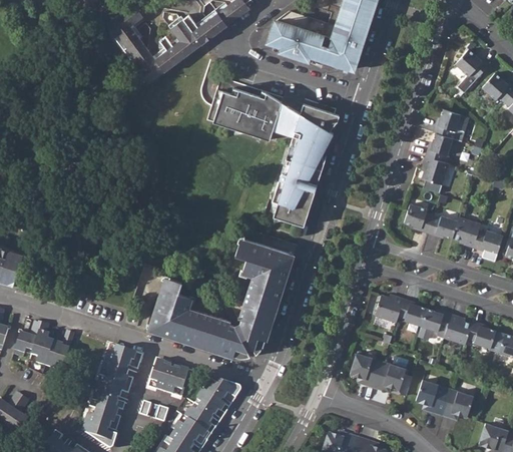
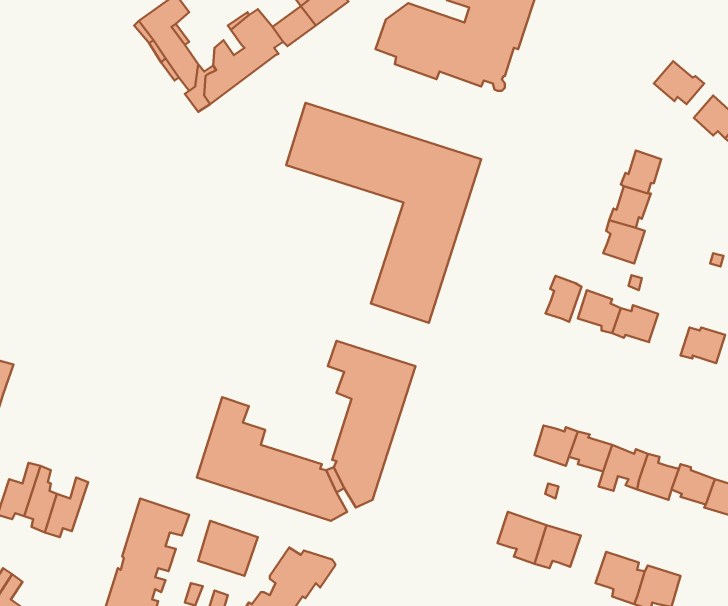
building: none -> [546,276,581,322]
building: [453,216,482,249] -> none

